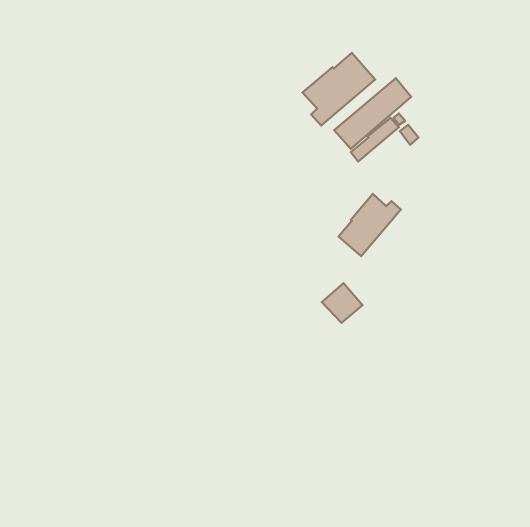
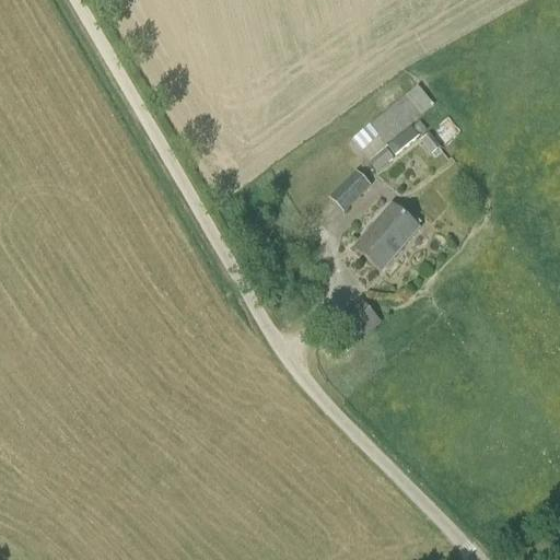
building: [303,53,375,125] -> none
building: none -> [330,168,372,210]

